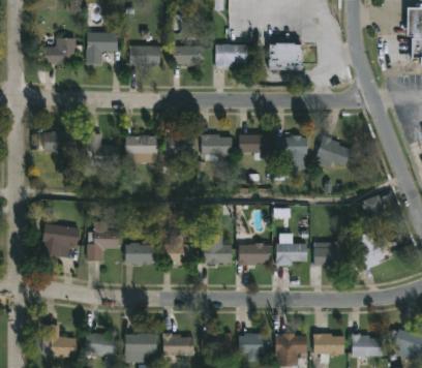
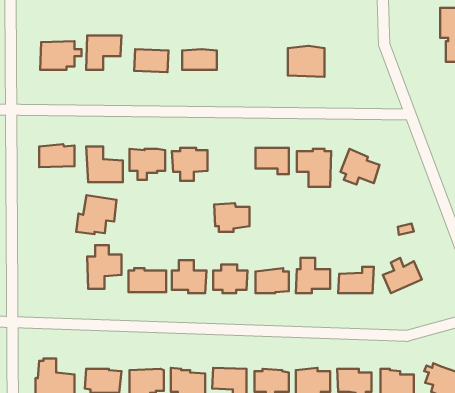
building: [215,43,247,66] -> none
building: [201,133,233,159] -> [214,203,250,232]
building: [42,223,79,258] -> [76,195,116,234]

